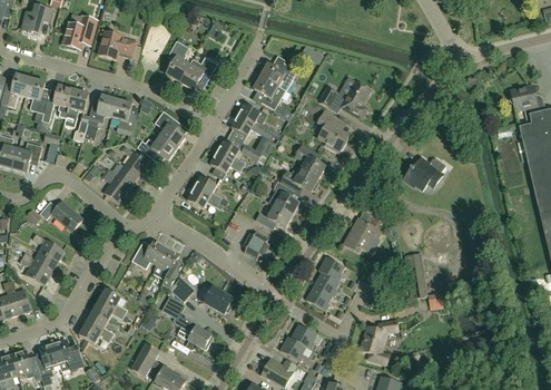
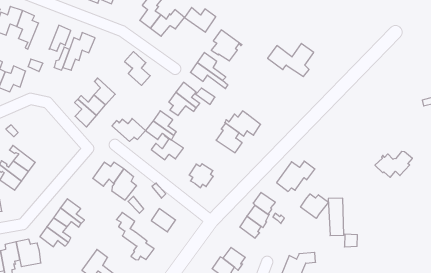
building: [260,62,296,89] -> [185,7,216,32]
building: [41,85,73,121] -> none
building: [111,99,137,139] -> none
building: [317,110,348,152] -> none
building: [137,136,176,163] -> [112,118,145,141]
building: [294,145,325,178] -> none
building: [403,159,445,191] -> [375,151,412,177]
building: [39,201,82,231] -> none
building: [255,202,292,230] -> [151,135,183,160]
building: none -> [301,194,328,218]

